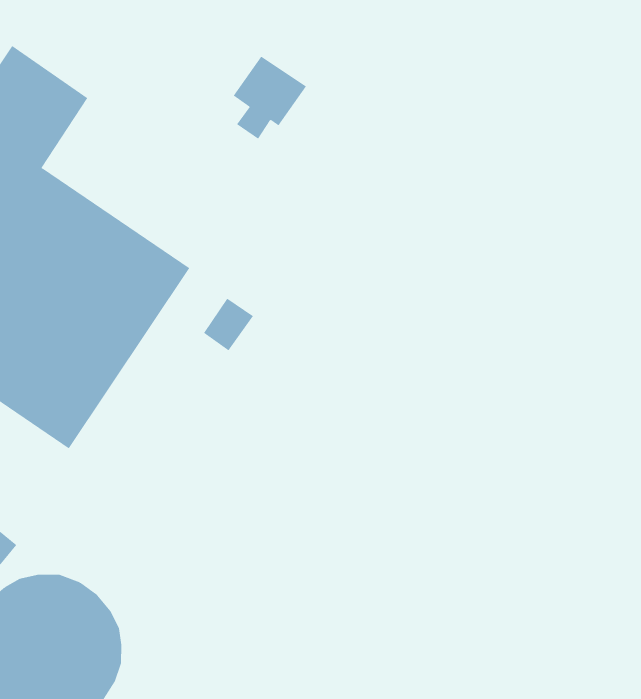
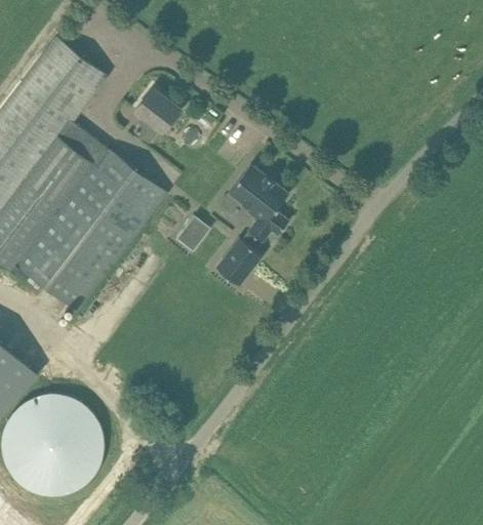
building: [233,56,307,140] -> [131,87,182,144]
building: none -> [215,165,287,287]

